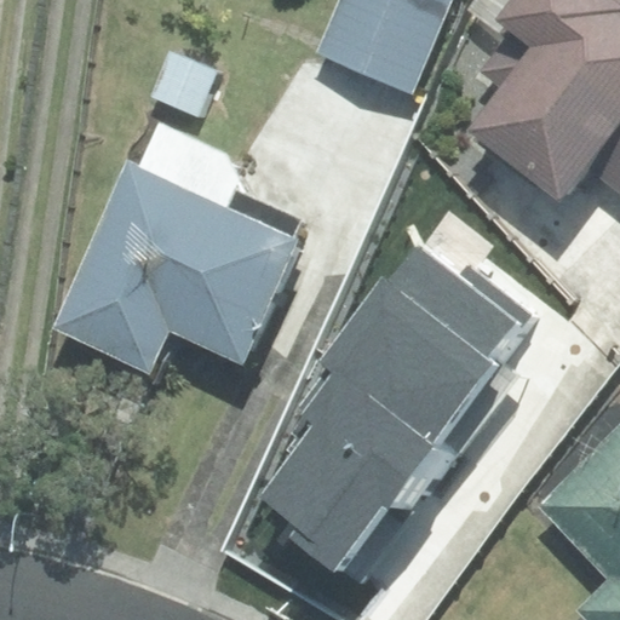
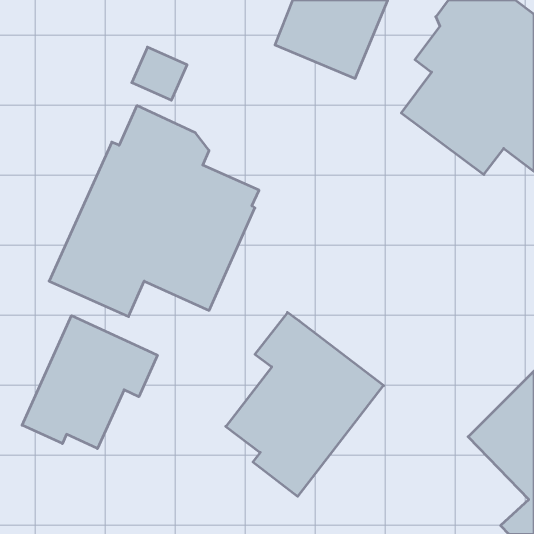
building: [321,248,536,447] -> none
building: none -> [22,316,157,449]

